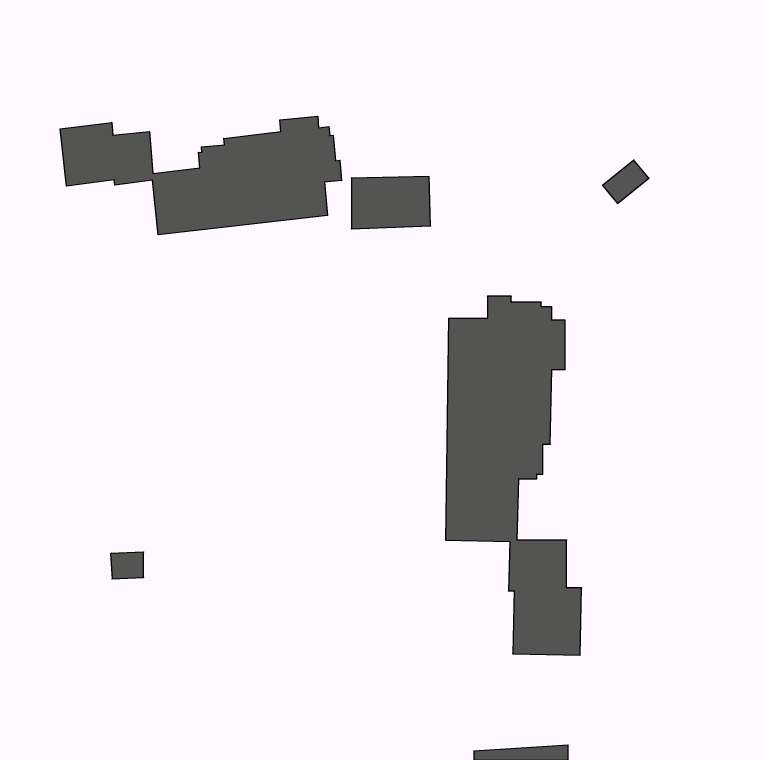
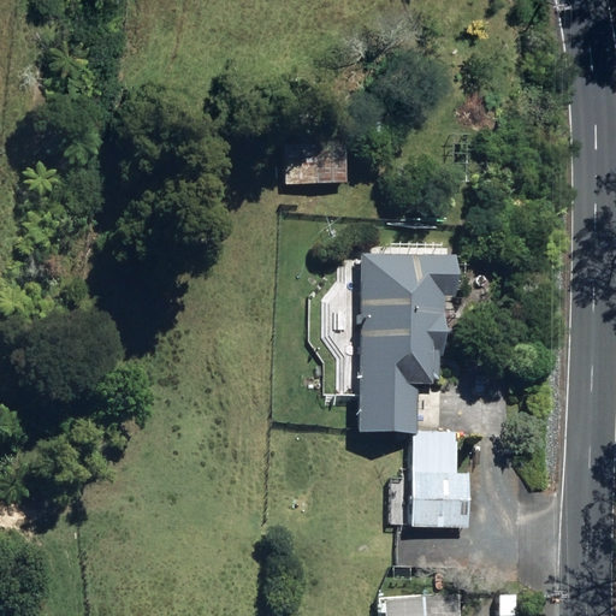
building: [60,116,342,235] -> none

